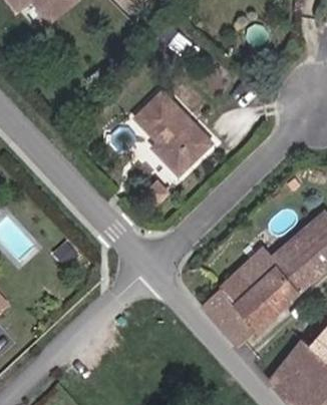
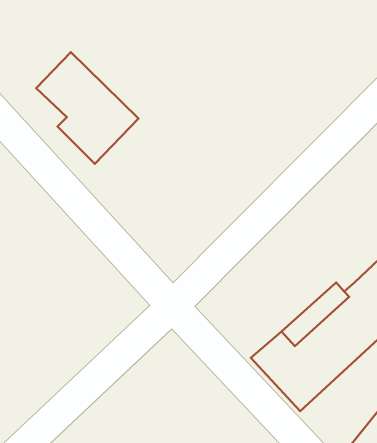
building: [138,87,216,171] -> [36,52,139,164]

